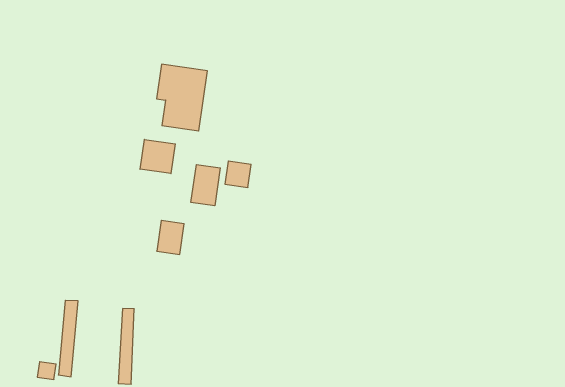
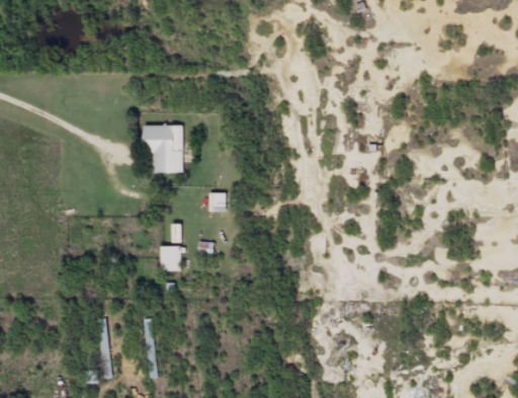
building: [140,139,175,174] -> none
building: [191,165,220,206] -> none

